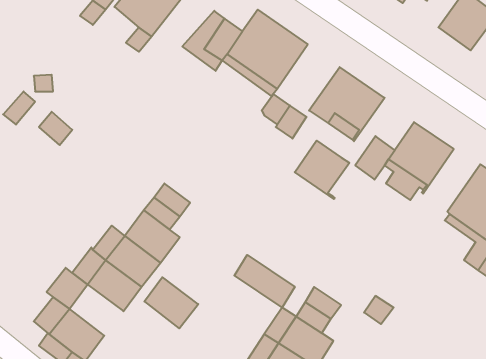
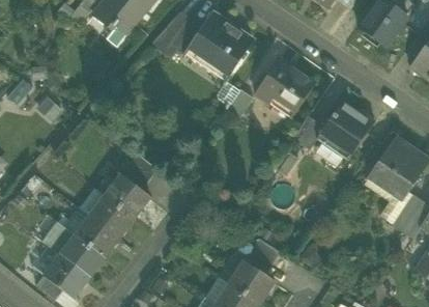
building: [295,141,349,199] -> none
building: [234,255,295,307] -> none
building: [144,277,198,328] -> [61,234,105,276]

